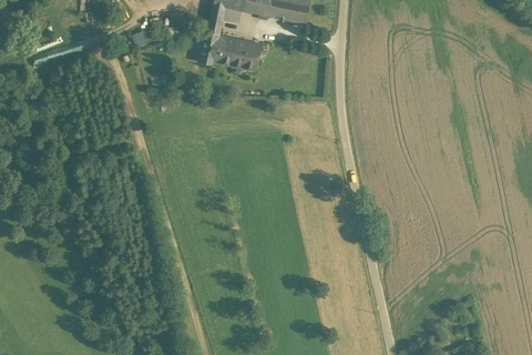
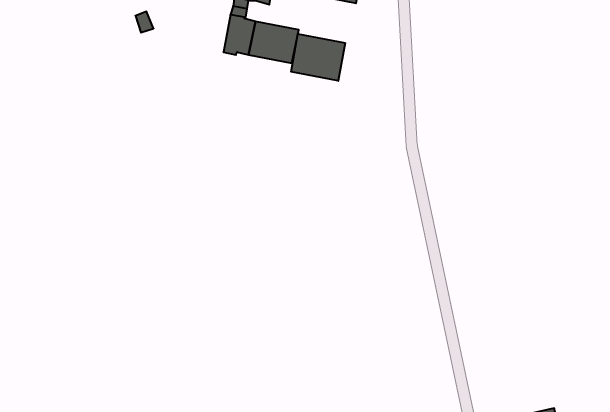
building: none -> [291,34,345,81]

